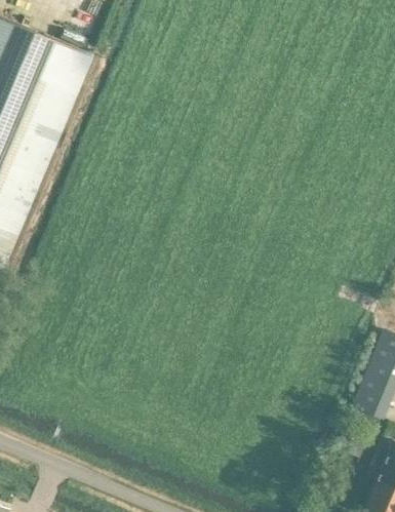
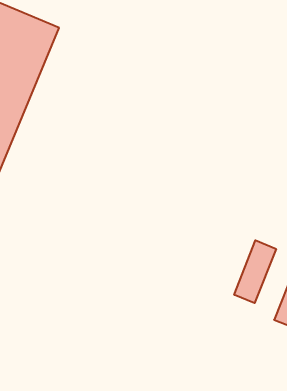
building: none -> [234,240,276,303]

